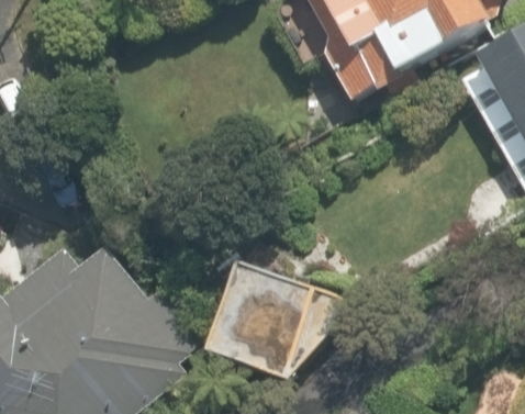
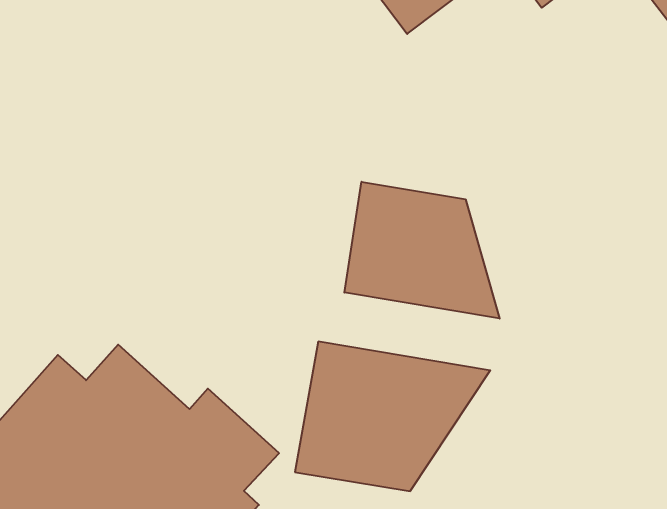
building: none -> [344,182,500,319]

